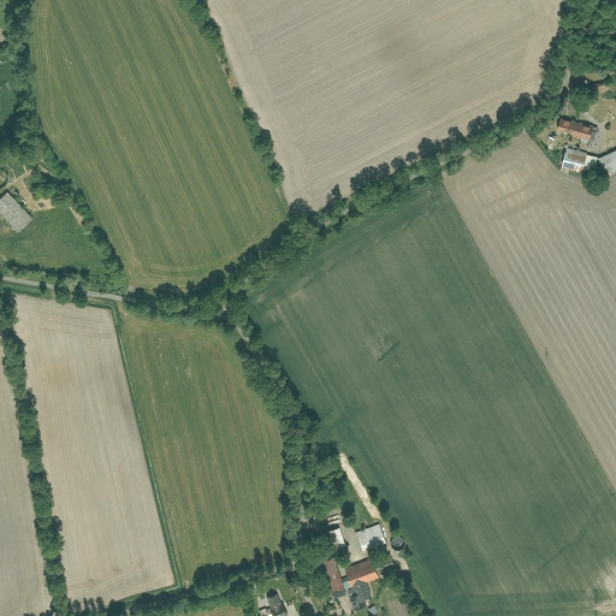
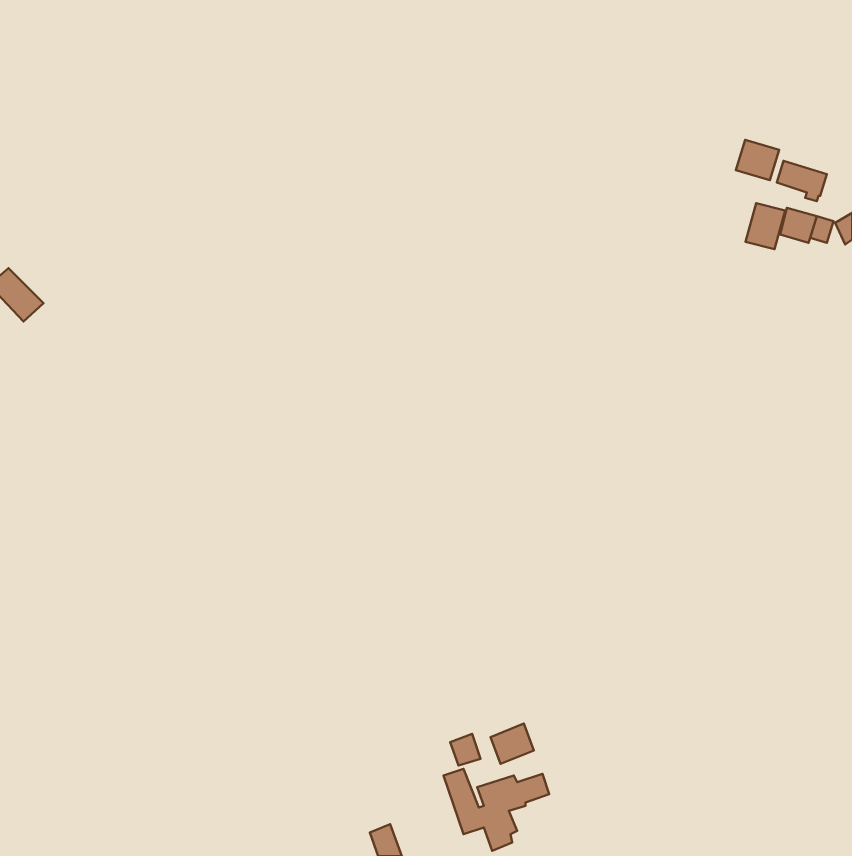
building: none -> [736,140,779,180]
building: none -> [745,203,785,249]

